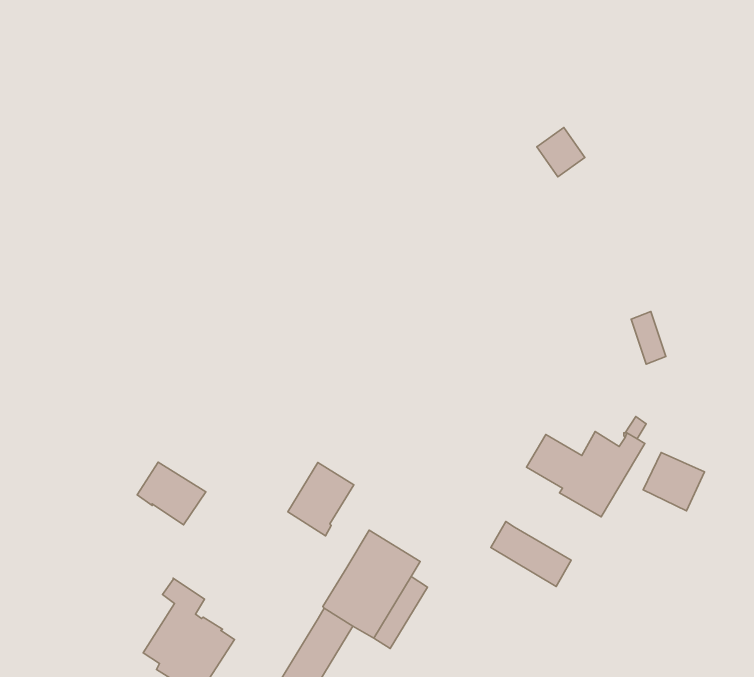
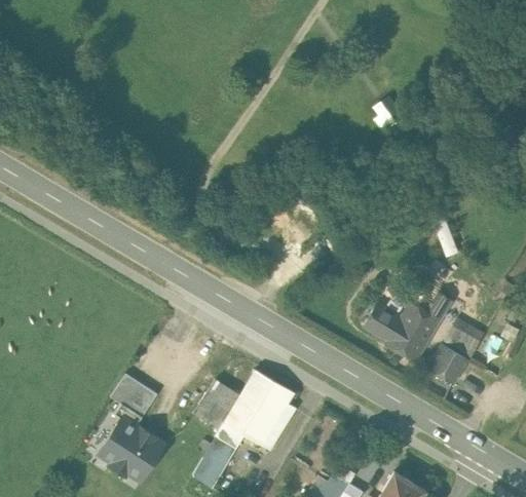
building: [137,462,206,525] -> [111,374,158,417]
building: [288,462,354,536] -> [195,380,240,430]
building: none -> [428,344,467,384]
building: [491,522,571,586] -> none

